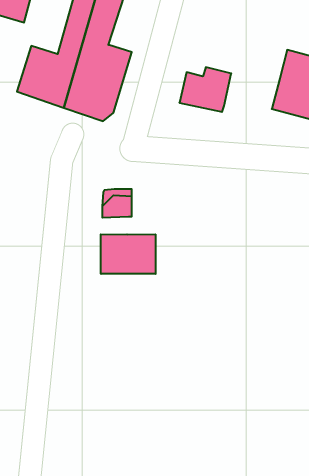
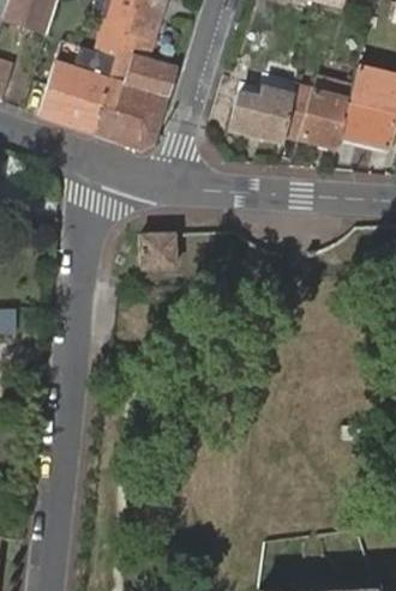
building: none -> [284,85,350,146]
building: [101,234,156,274] -> none

